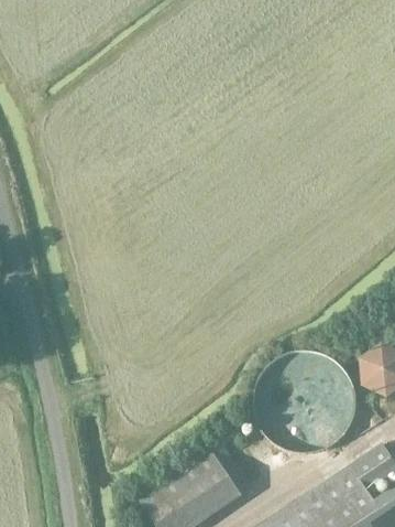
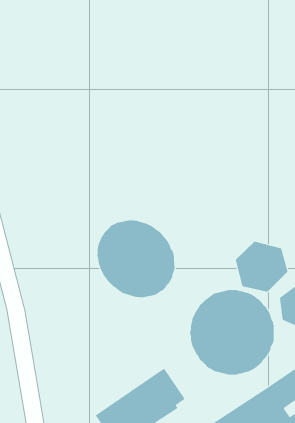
building: none -> [97,220,175,298]
building: none -> [235,241,288,292]

